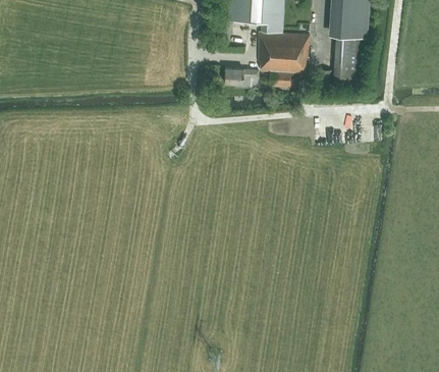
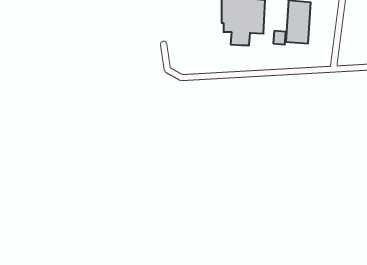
building: [224,66,259,87] -> none

